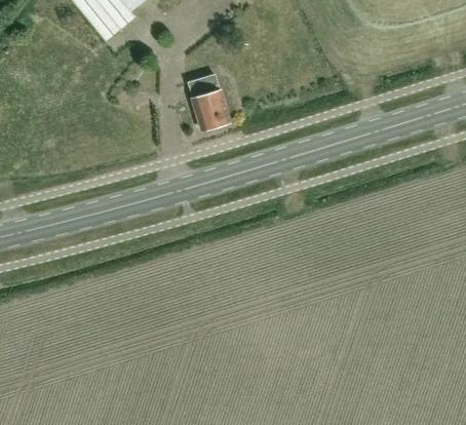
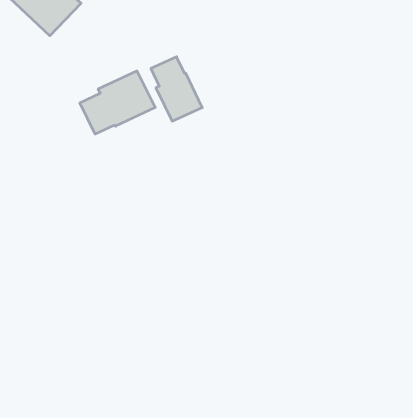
building: none -> [80,71,155,134]

